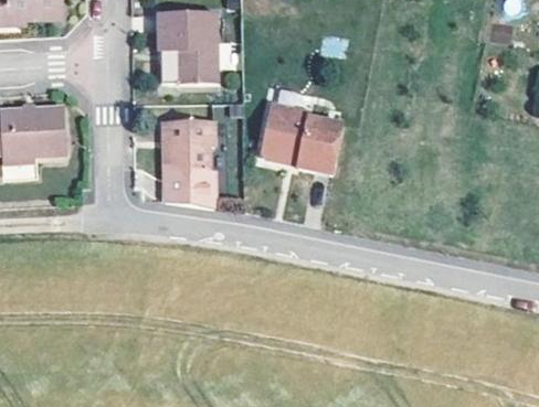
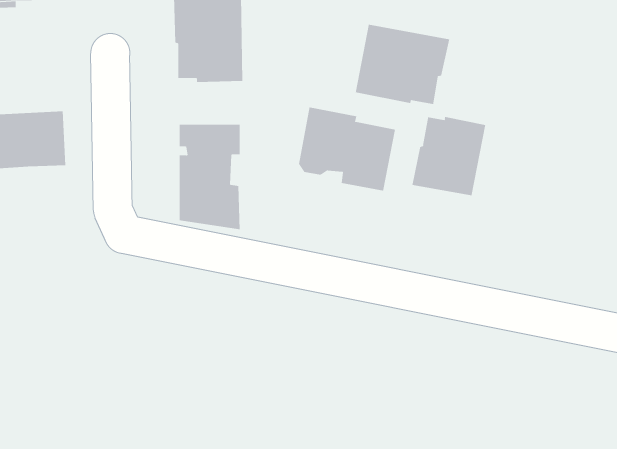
building: none -> [355,24,450,105]
building: none -> [412,116,486,196]

